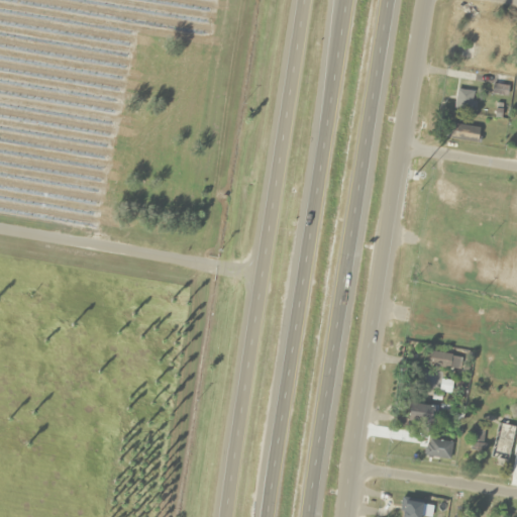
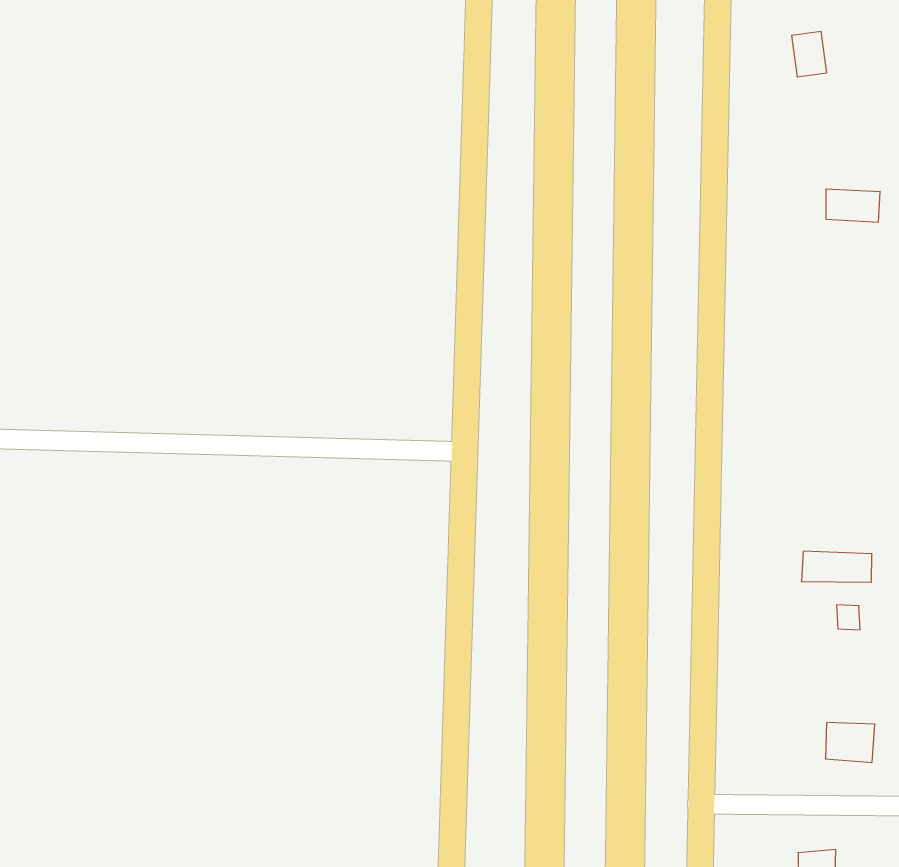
building: [453,122,483,142] -> [826,189,880,222]
building: [411,402,437,423] -> none

